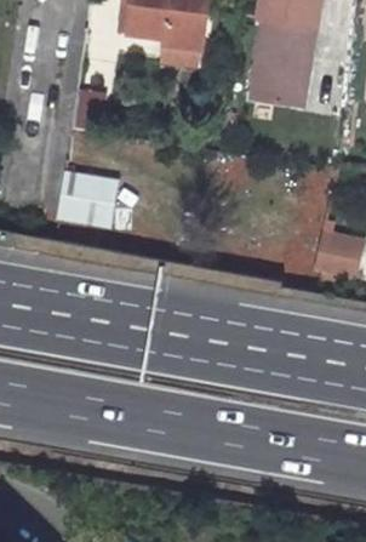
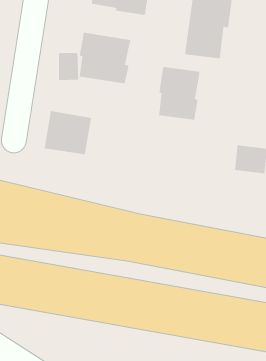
building: none -> [79,32,131,84]
building: none -> [159,66,200,120]

